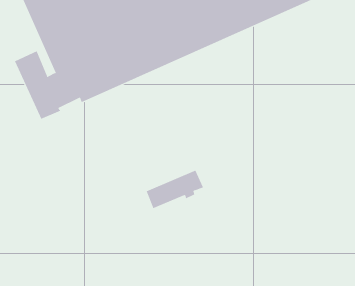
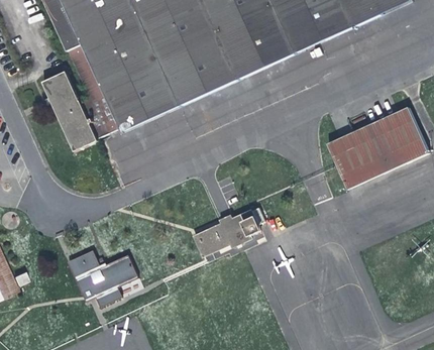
building: none -> [322,108,423,191]
building: none -> [69,248,139,303]

